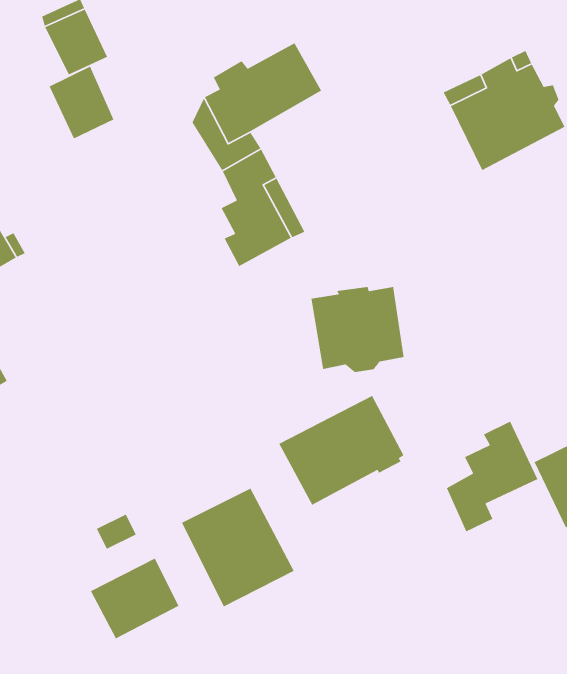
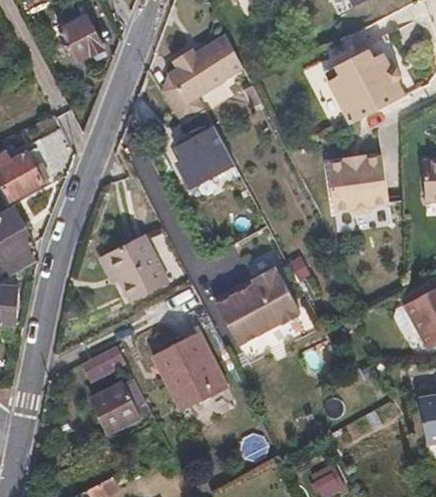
building: [49,65,115,139] -> none
building: [310,286,405,373] -> [327,155,389,212]
building: none -> [105,234,167,302]
building: [446,421,538,533] -> none

